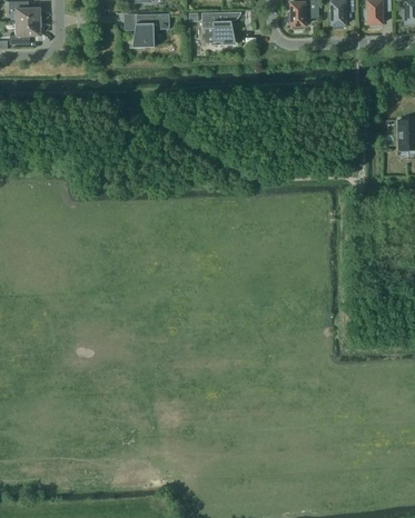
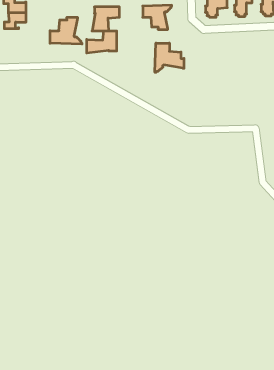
building: none -> [50,17,82,44]
building: none -> [87,31,117,53]
building: none -> [155,43,184,72]

